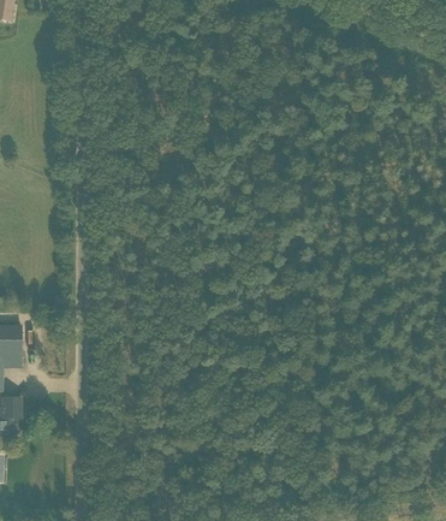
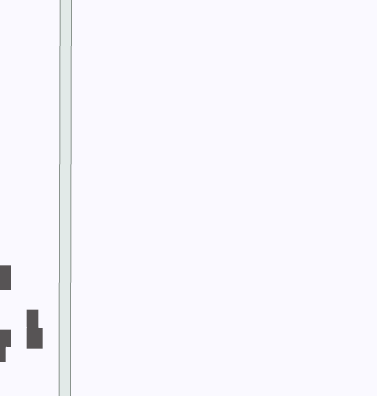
building: none -> [26,309,43,350]

